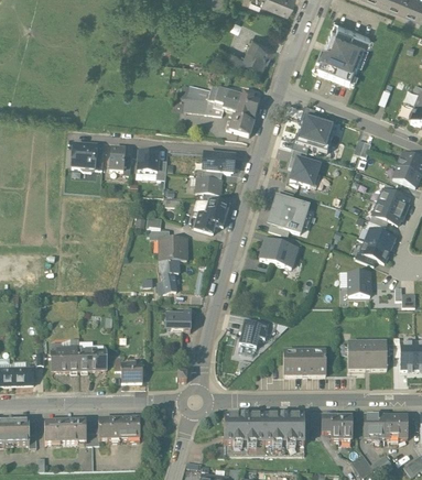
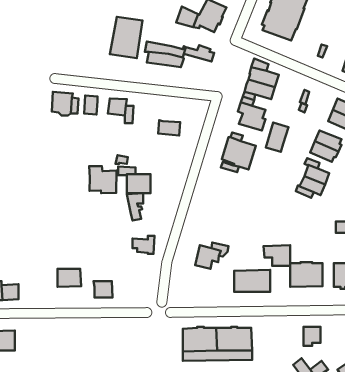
building: none -> [110,17,143,58]
building: [224,98,257,133] -> none
building: [204,152,234,172] -> none
building: none -> [266,123,288,152]
building: [193,199,229,232] -> none
building: none -> [89,166,117,193]
building: [259,238,296,268] -> none
building: [338,271,369,295] -> [264,245,290,266]
building: [51,338,78,369] -> none
building: [321,415,351,438] -> none
building: [383,415,407,437] -> none
building: [98,418,139,440] -> none
building: [44,419,85,441] -> none

